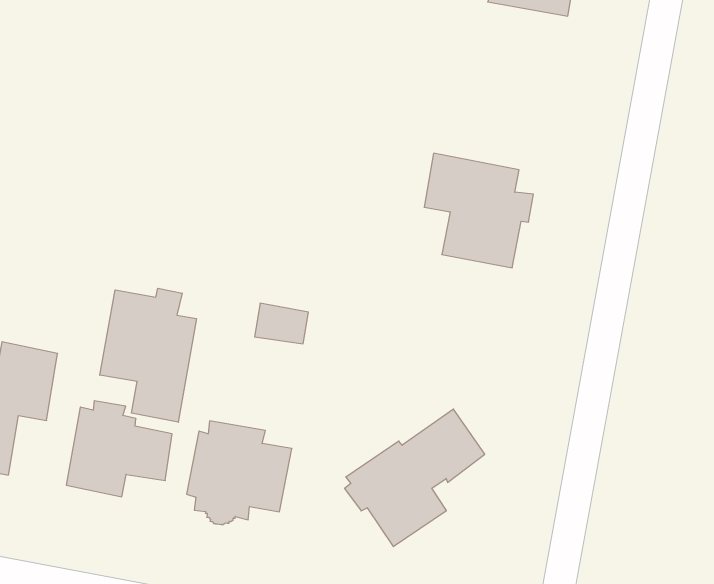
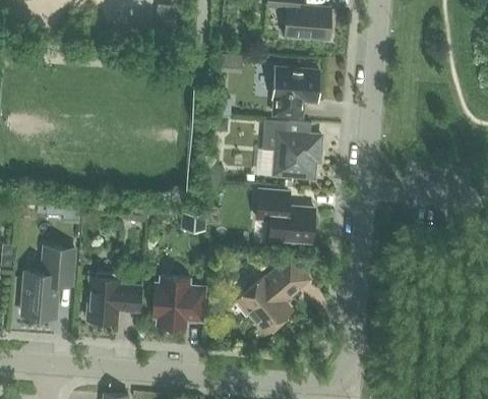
building: none -> [272,68,319,117]
building: none -> [256,190,317,242]
building: [100,288,196,422] -> none

